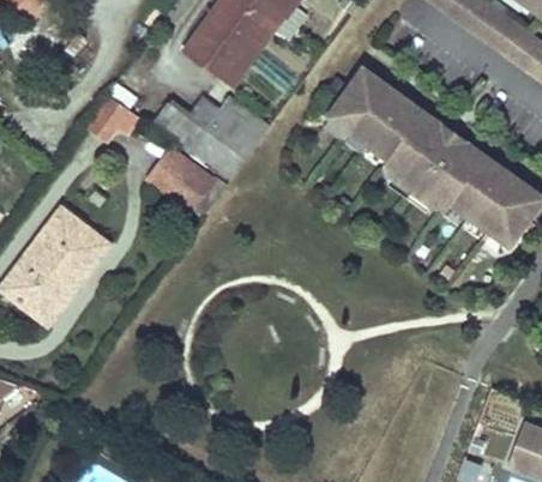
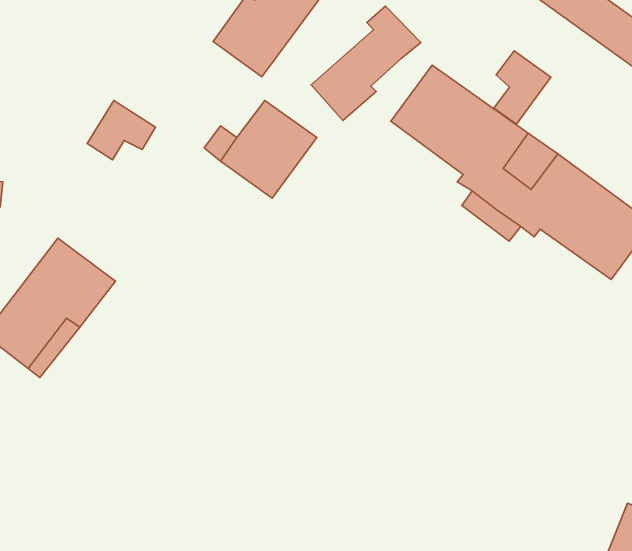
building: none -> [311,6,421,120]
building: none -> [494,51,551,124]
building: [149,147,225,218] -> none

